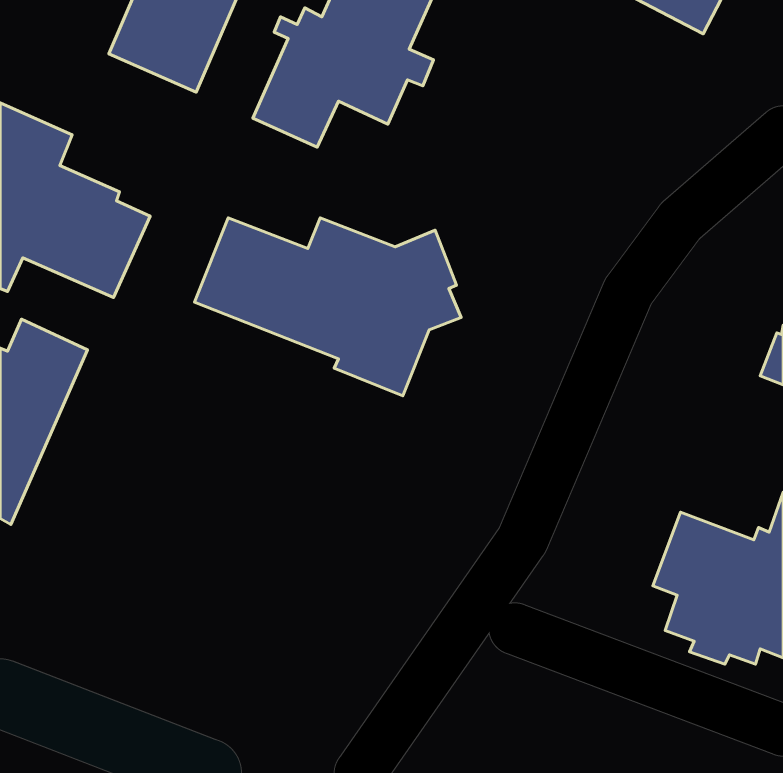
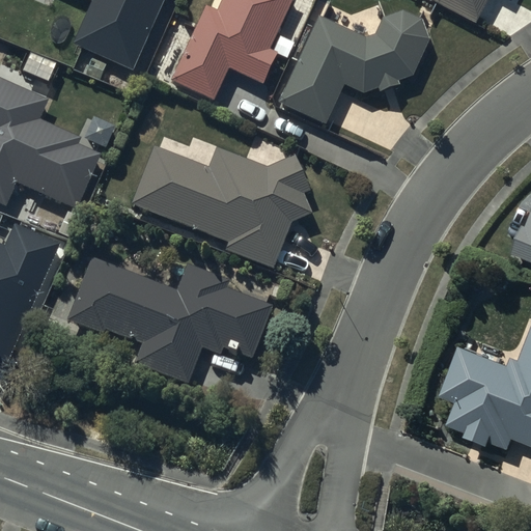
building: none -> [279,11,429,124]
building: none -> [67,257,274,385]

